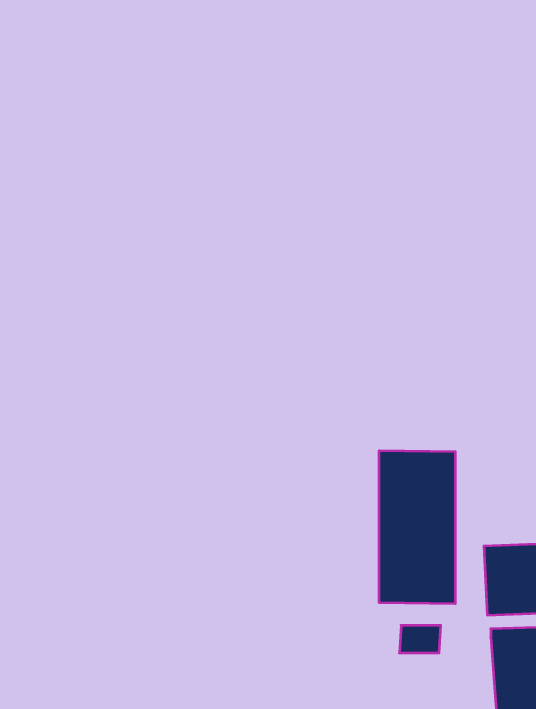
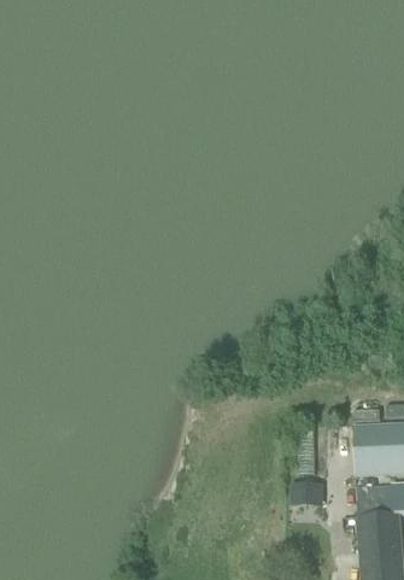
building: [379,451,455,604] -> none

